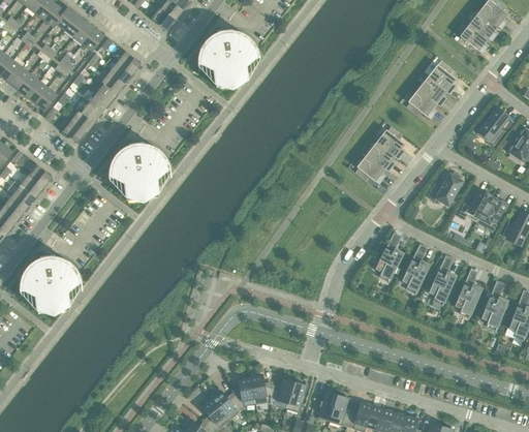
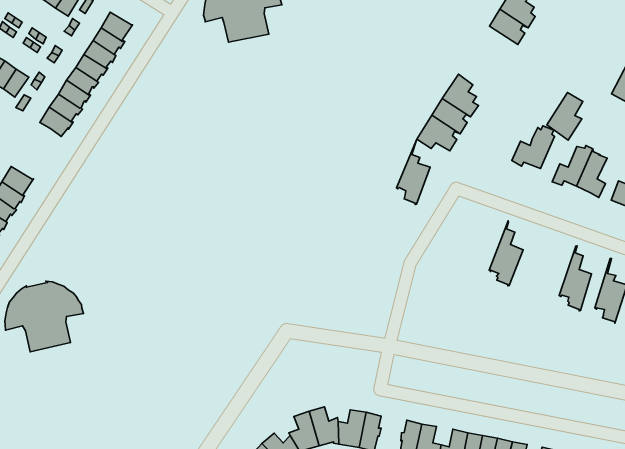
building: [405,90,440,119] -> none
building: [477,109,507,146] -> [547,92,583,140]
building: [108,143,170,195] -> none
building: [374,232,402,282] -> [396,139,430,204]
building: [428,254,455,305] -> none

